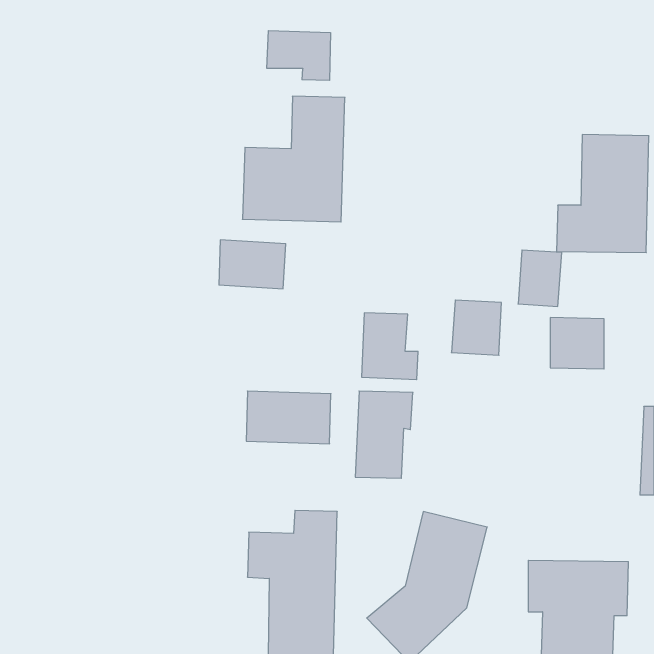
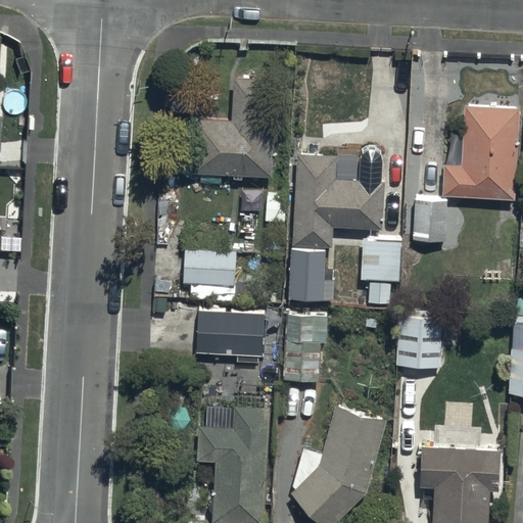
building: [267,31,330,80] -> none
building: none -> [291,148,385,249]
building: [219,240,286,289] -> [184,248,237,287]
building: [550,318,604,369] -> [397,327,440,368]

